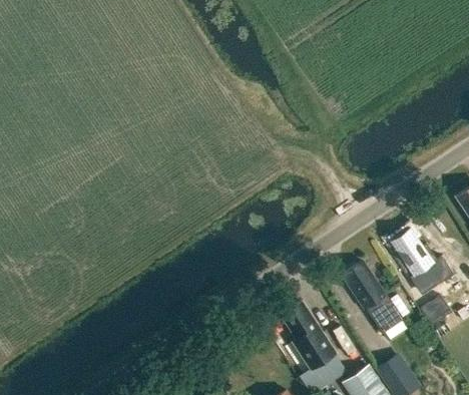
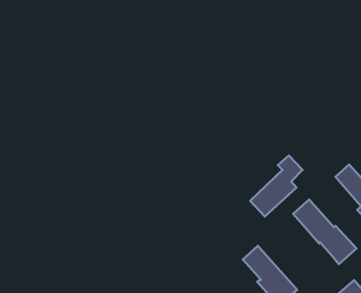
building: none -> [250,156,303,217]

